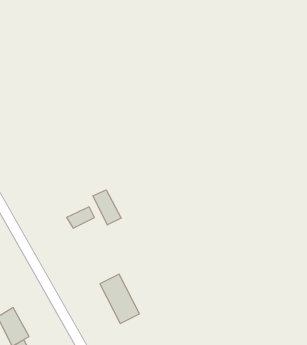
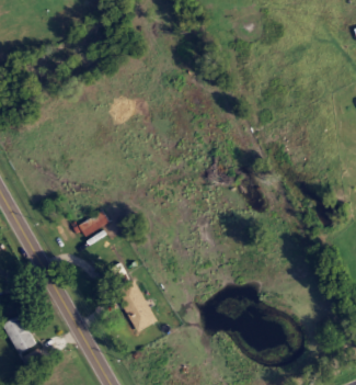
building: [93,190,121,225] -> none

